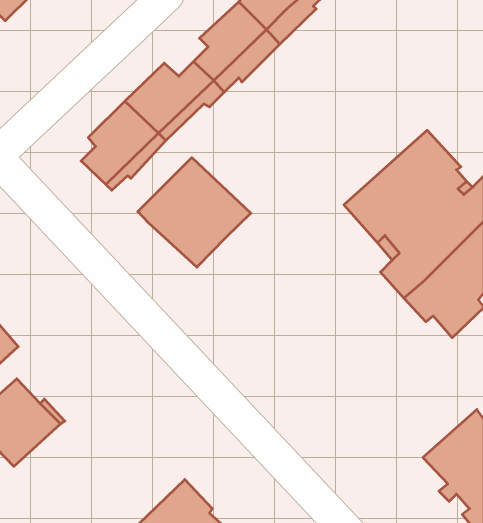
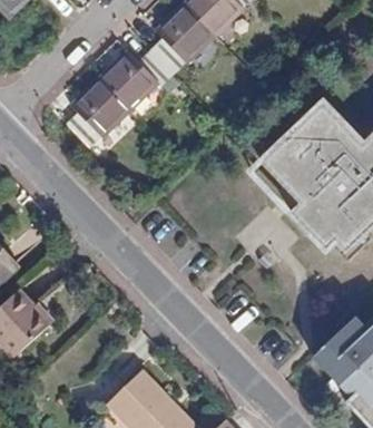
building: [138,158,251,267] -> none

